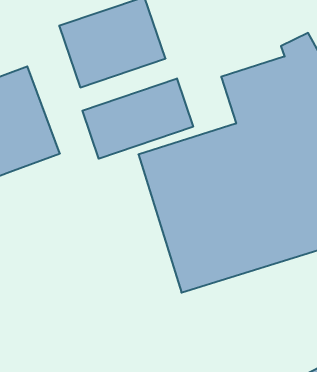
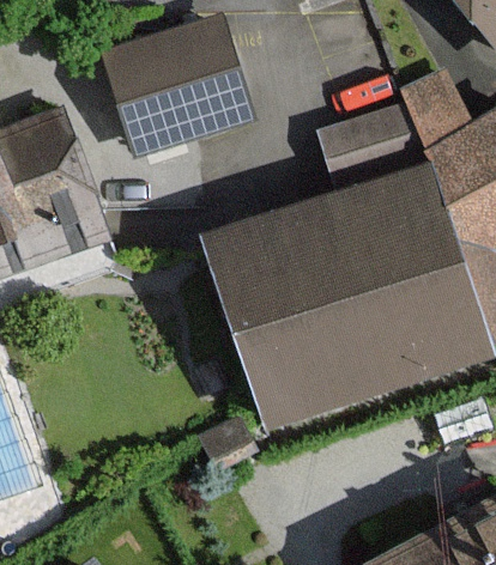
building: [82,78,193,159] -> none

